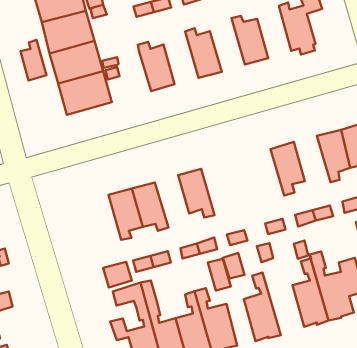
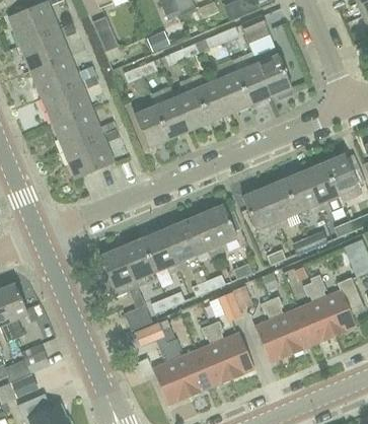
building: none -> [236,56,271,104]
building: none -> [195,72,230,122]
building: none -> [154,89,190,138]
building: [21,40,46,81] -> none
building: none -> [283,169,320,214]
building: none -> [241,187,280,231]
building: none -> [202,203,240,253]
building: none -> [161,220,196,269]
building: none -> [99,245,137,295]
building: none -> [269,295,312,354]

